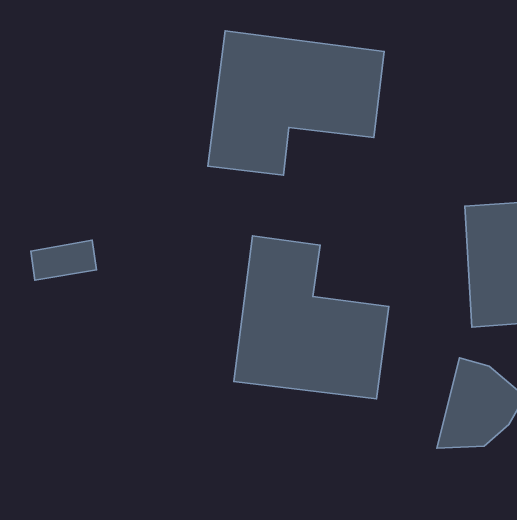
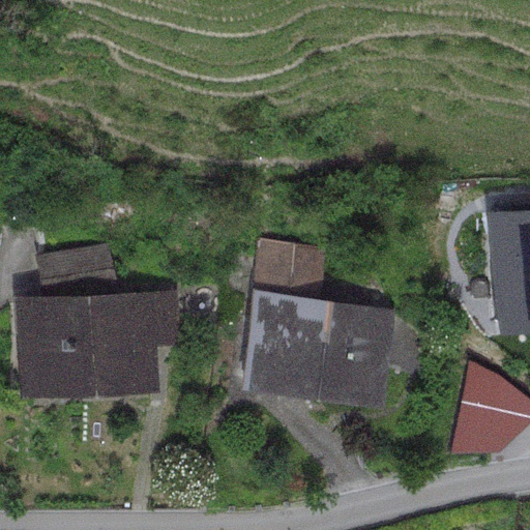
building: [208,31,384,175] -> none
building: none -> [19,290,186,398]

